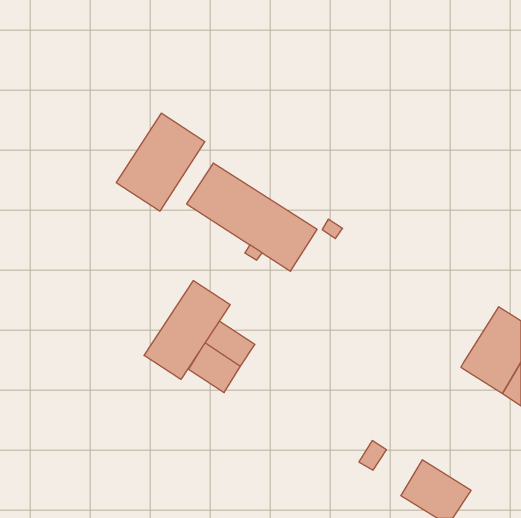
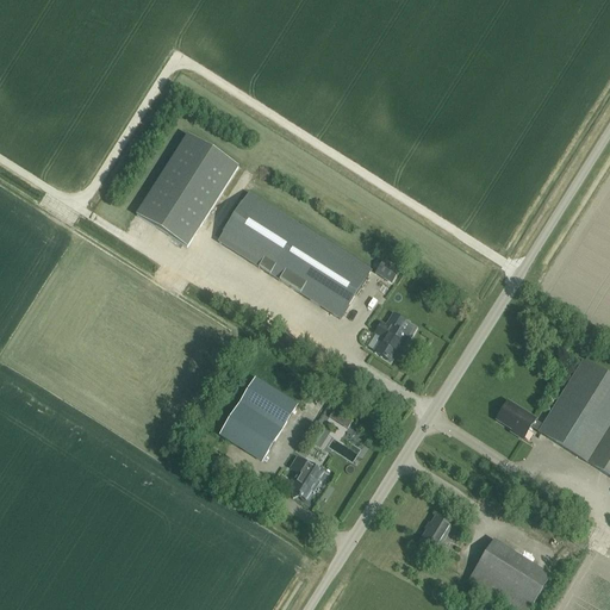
building: none -> [374,312,410,360]
building: [144,281,230,379] -> none
building: none -> [496,399,542,436]
building: none -> [290,459,323,497]

